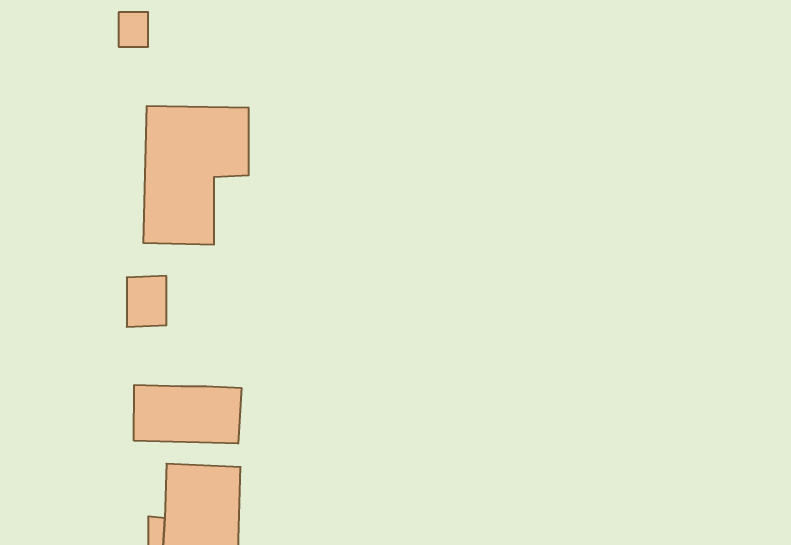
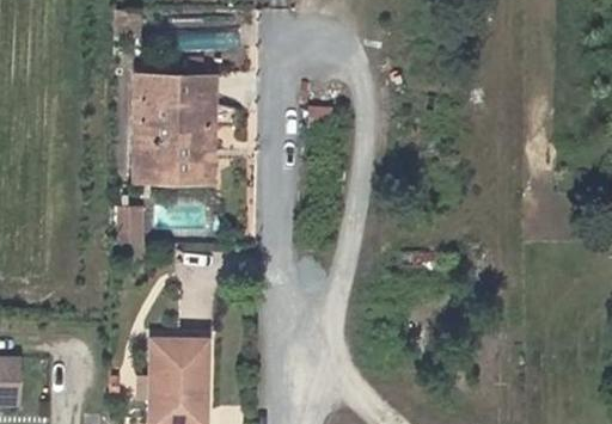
building: none -> [186,130,212,180]
building: [134,385,241,444] -> none

